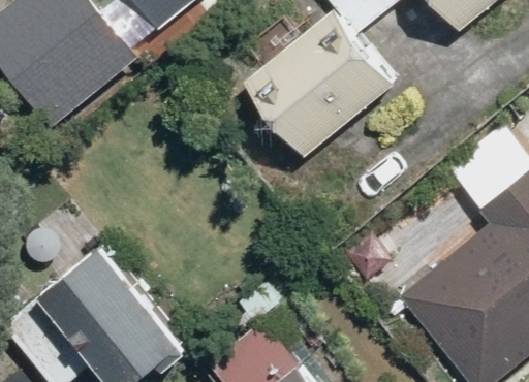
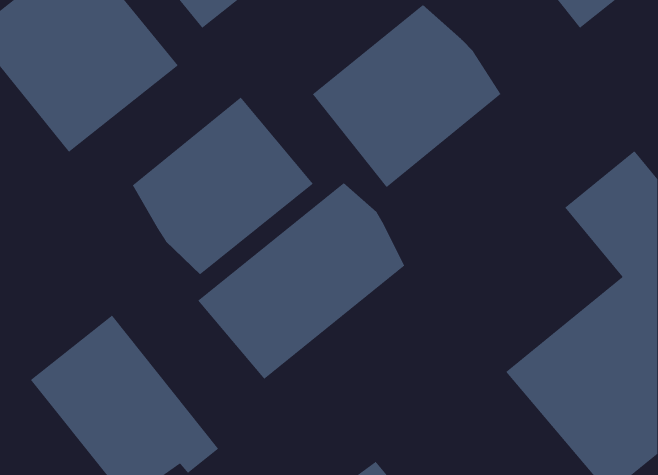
building: none -> [132,97,314,275]
building: none -> [197,182,405,380]

